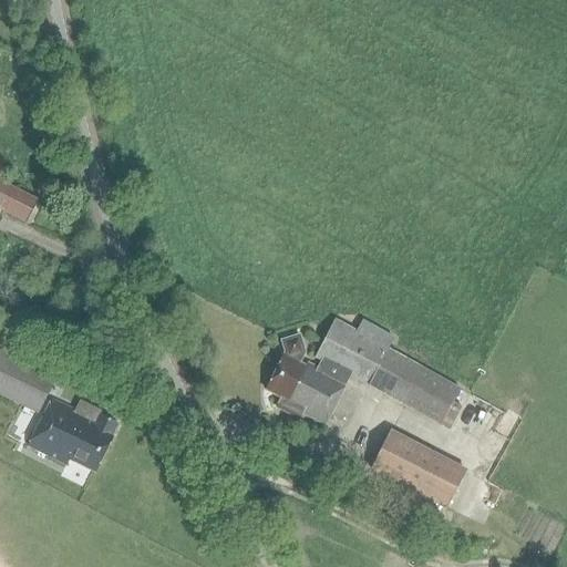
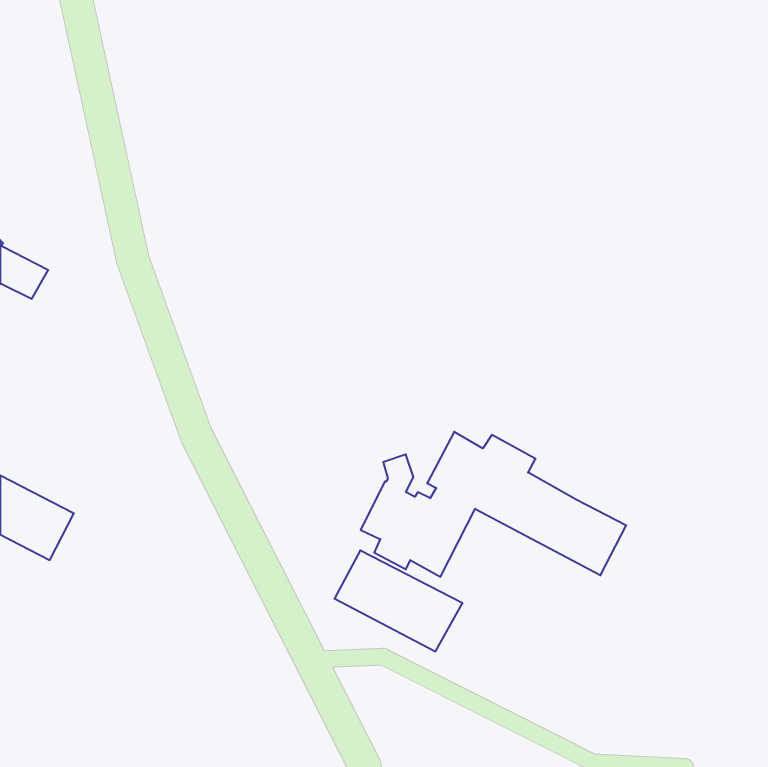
building: [29,396,118,471] -> none
building: [372,431,466,505] -> [334,550,463,651]

